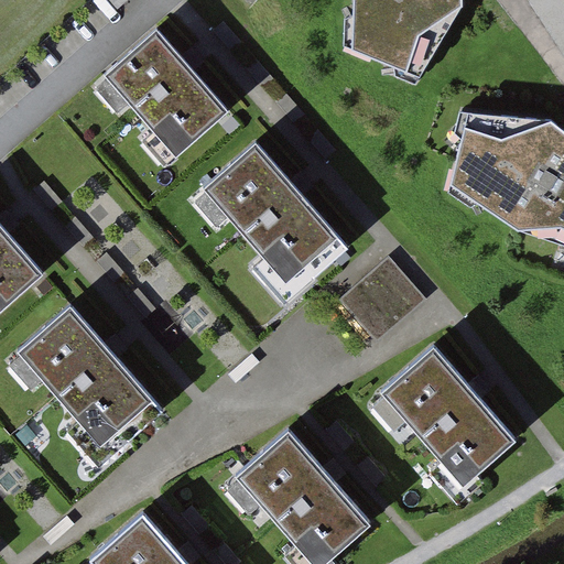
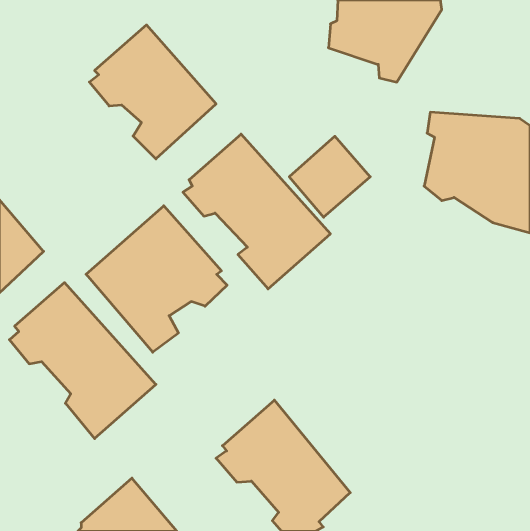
building: none -> [86,206,227,352]
building: [339,256,425,341] -> [289,136,370,217]
building: [373,346,516,509] -> none

